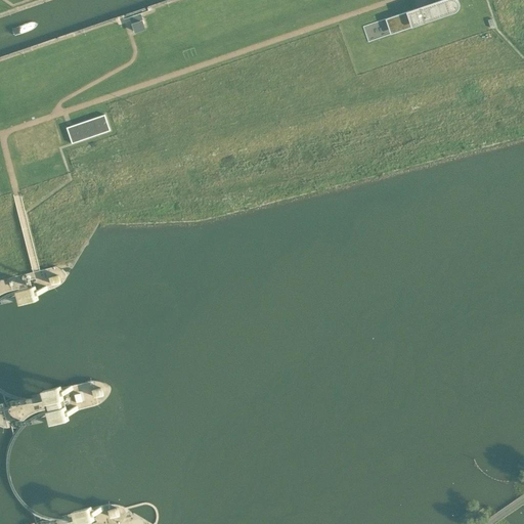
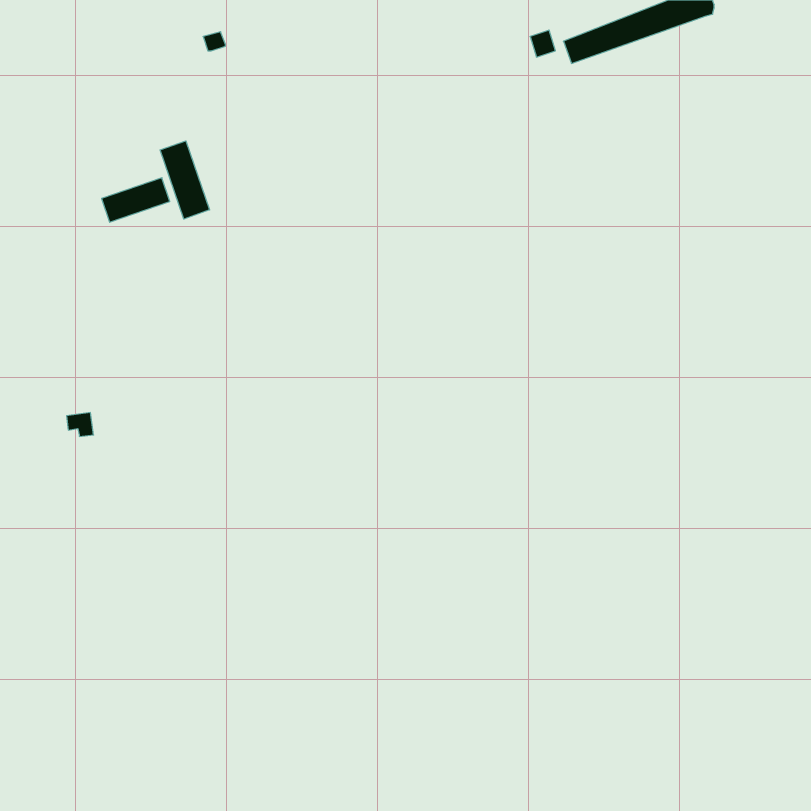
building: none -> [160,141,210,219]

